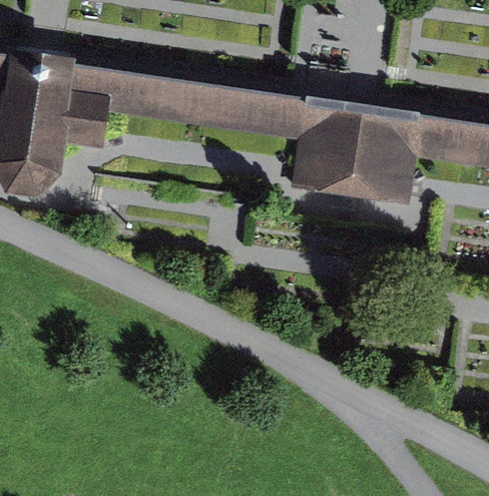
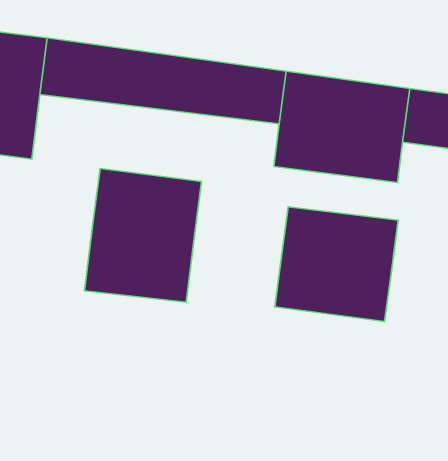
building: none -> [85,169,202,302]
building: none -> [275,207,398,321]

